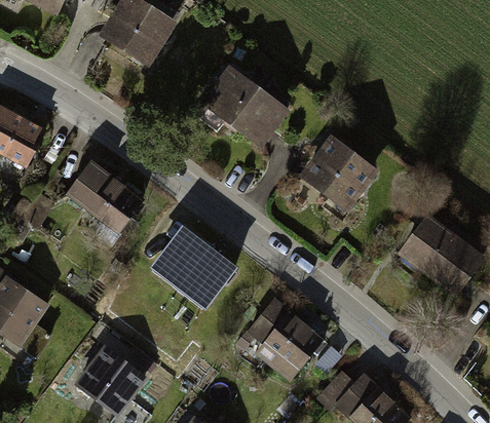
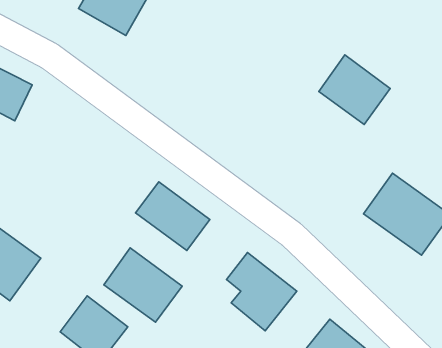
building: [200,69,291,153] -> none
building: [300,137,376,210] -> [319,55,390,124]
building: [66,156,143,227] -> none
building: none -> [104,248,182,322]

